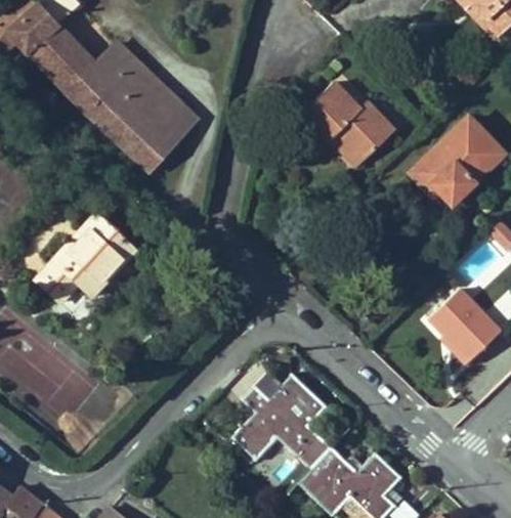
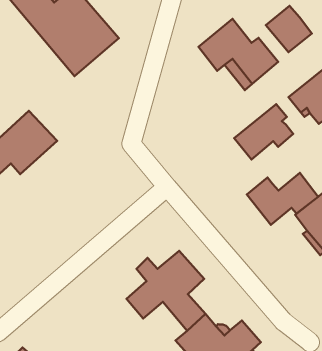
building: none -> [266,6,312,52]
building: none -> [234,104,293,160]
building: none -> [247,173,318,225]

